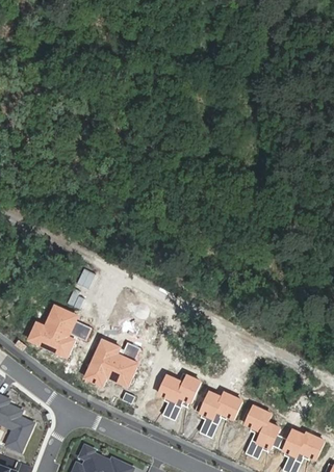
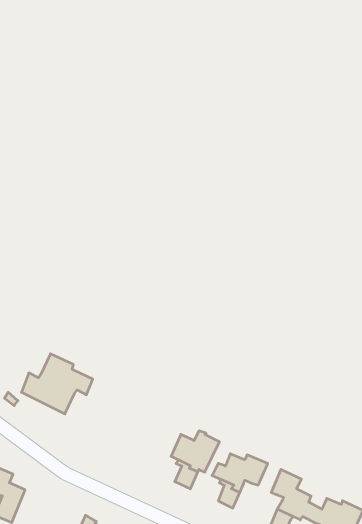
building: [86,341,139,387] -> none

